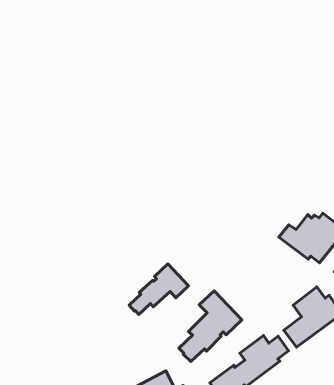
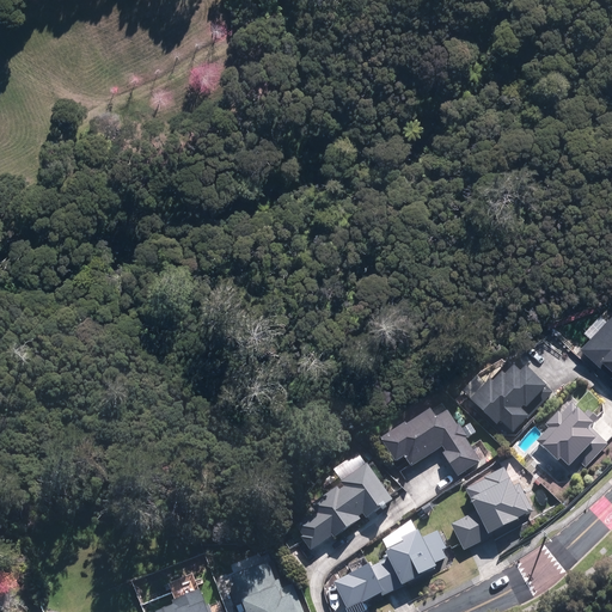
building: none -> [375,387,477,476]
building: [129,264,189,315] -> none

